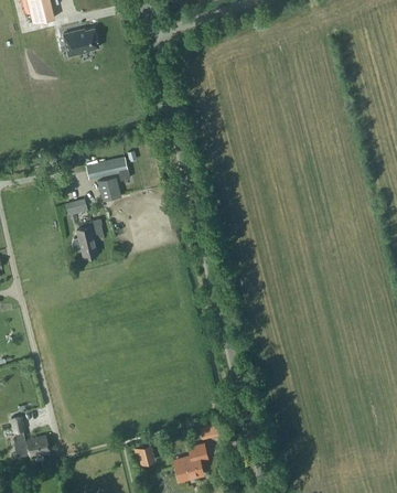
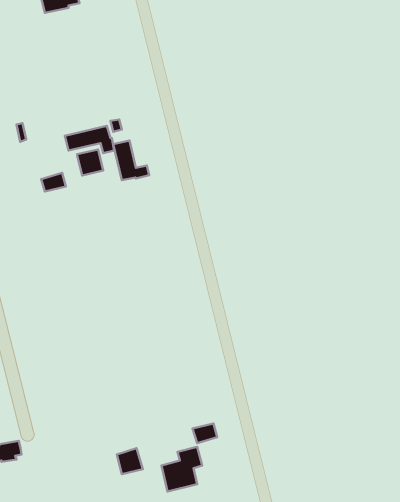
building: none -> [113,140,149,180]
building: [72,218,104,256] -> none

